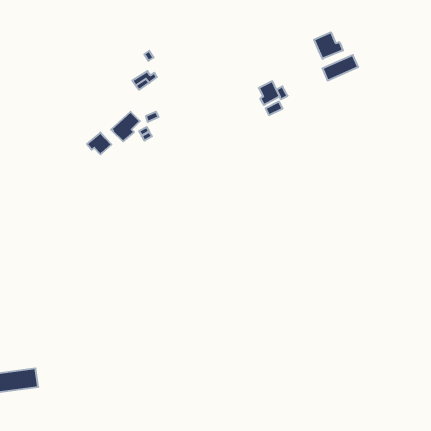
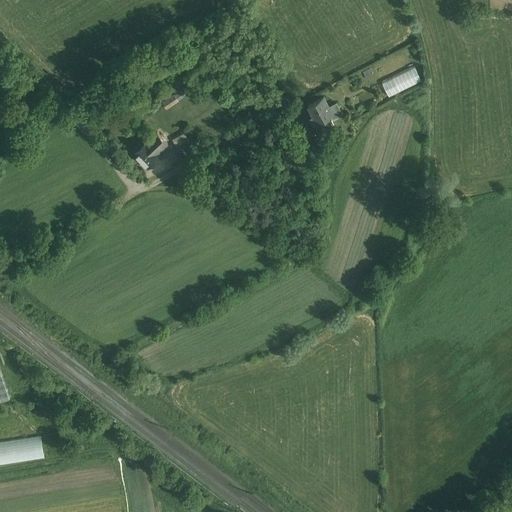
building: [314,32,343,59] -> none
building: [87,132,111,154] -> none

